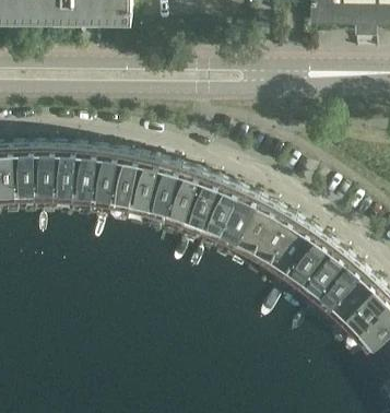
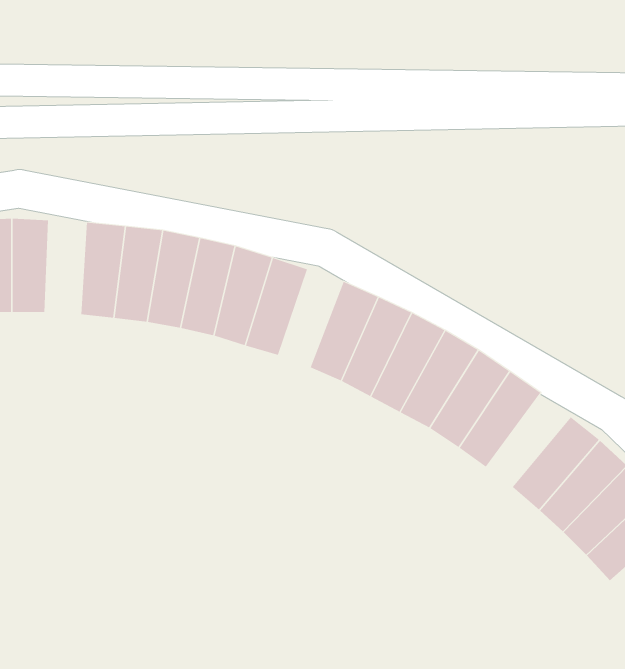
building: [54,149,76,201] -> none
building: [184,176,220,231] -> none
building: [299,245,346,297] -> none

